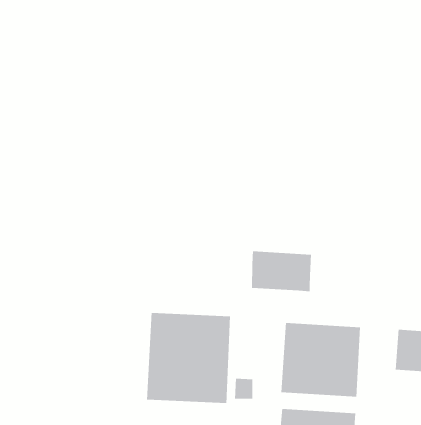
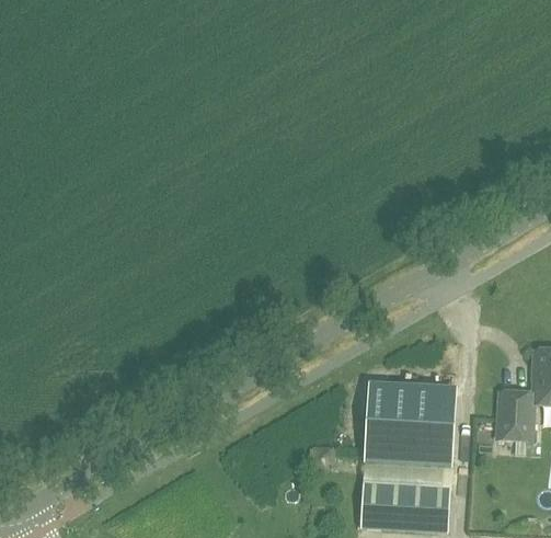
building: [251,251,312,292] -> none
building: [146,312,230,404] -> none

